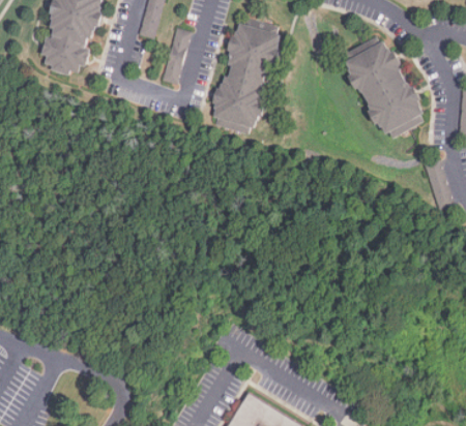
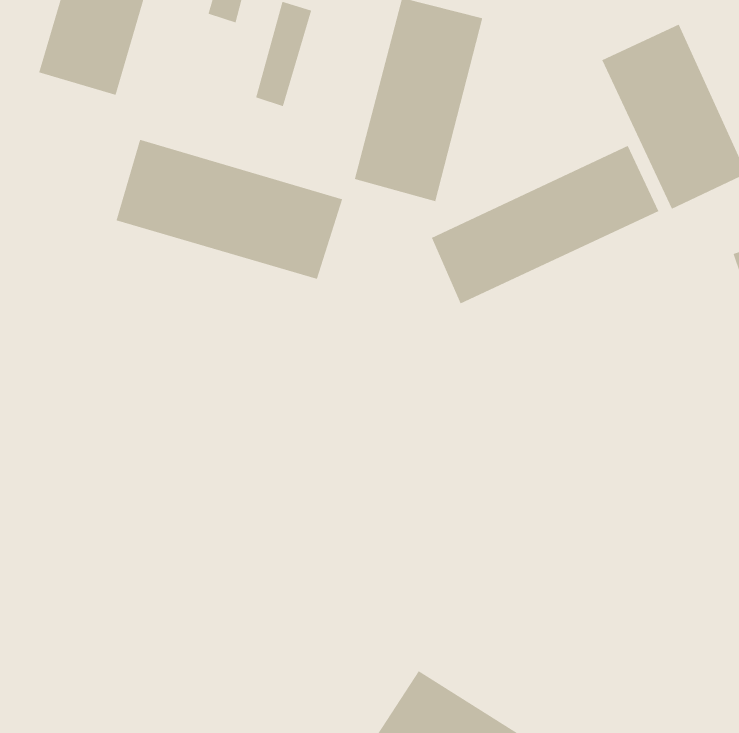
building: none -> [116,139,343,280]
building: none -> [431,145,659,305]

